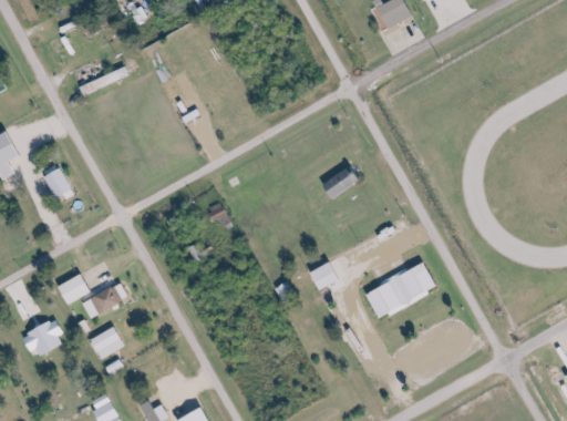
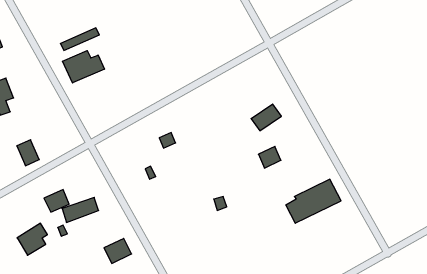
building: none -> [63,51,104,83]
building: [42,167,71,201] -> [17,140,39,166]
building: [310,260,339,288] -> [258,146,281,168]
building: [87,326,123,358] -> [104,238,132,263]

